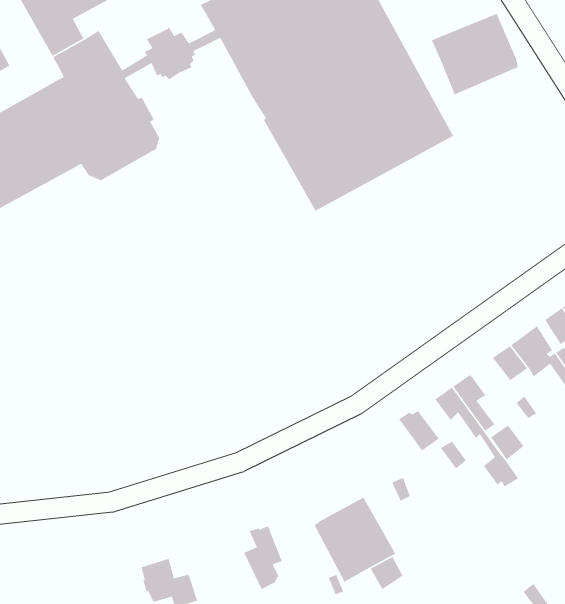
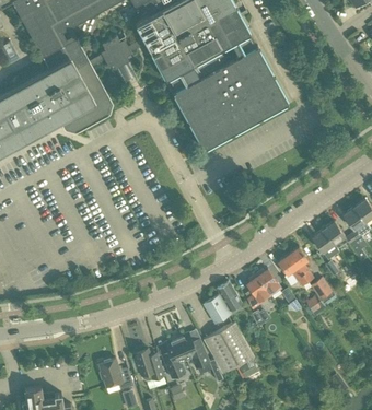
building: [431,13,519,96] -> none
building: none -> [246,276,270,311]
building: none -> [202,283,241,325]
building: none -> [176,333,209,367]
building: none -> [133,349,164,382]

